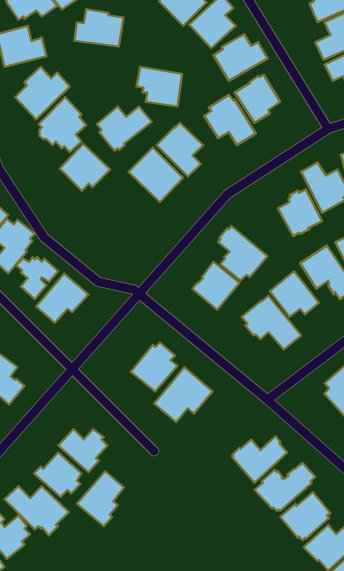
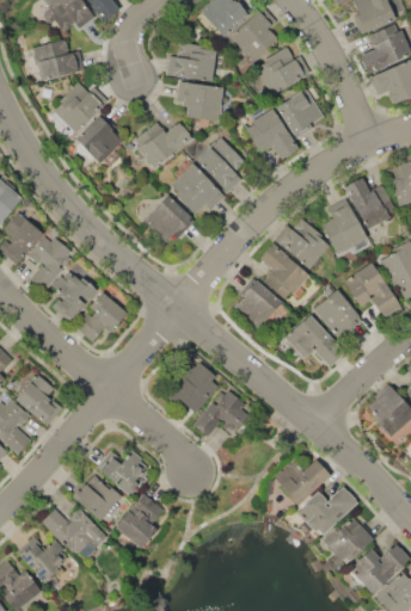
building: [74,9,124,47] -> [166,42,216,80]
building: [60,144,110,191] -> [143,195,195,242]
building: none -> [278,217,327,269]

